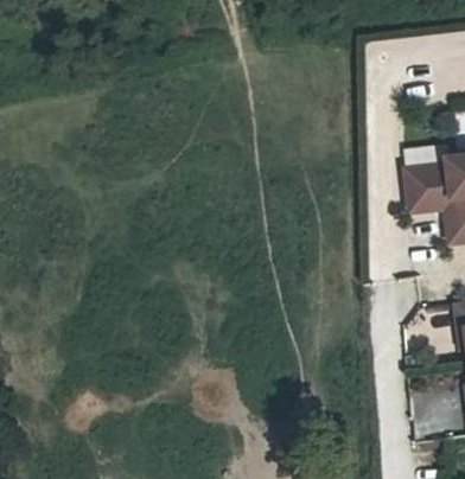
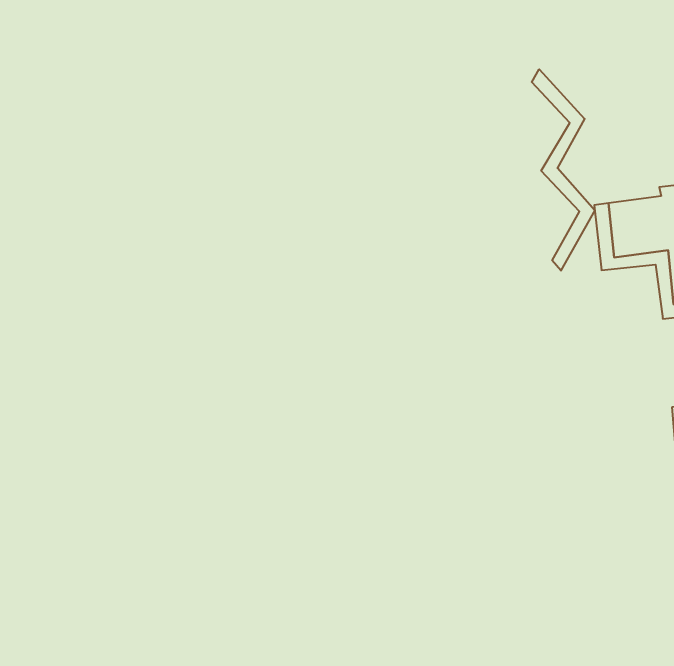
building: none -> [532,69,595,271]

